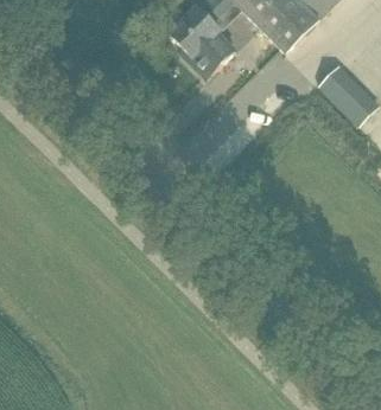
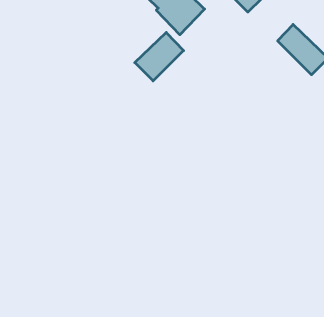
building: none -> [135,32,184,81]

